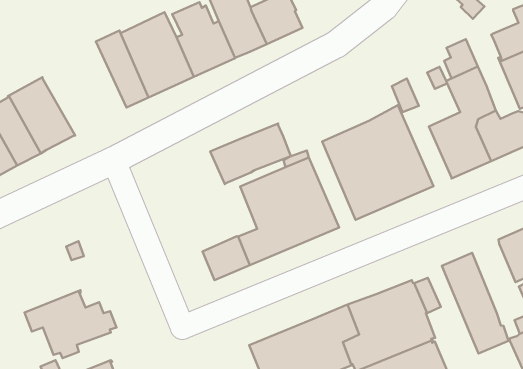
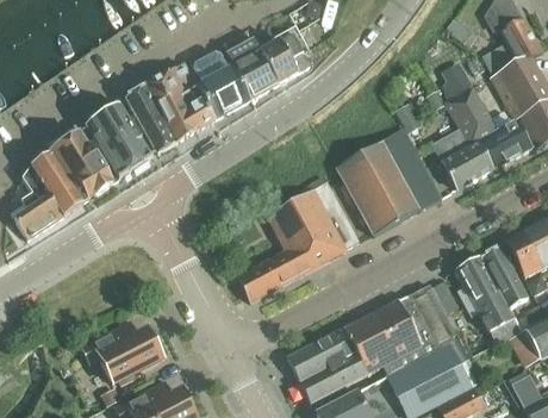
building: none -> [77,100,154,182]
building: [210,123,291,184] -> none
building: none -> [481,245,527,307]

